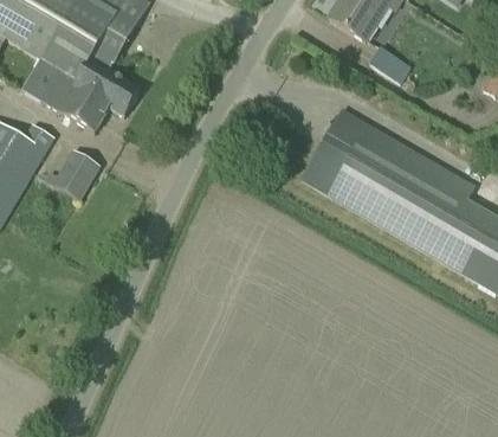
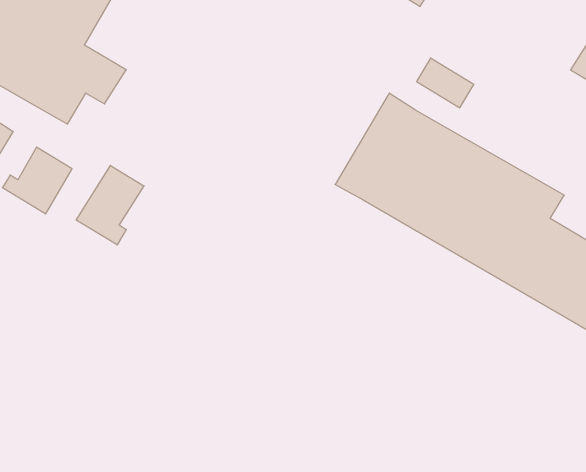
building: [369,45,413,83] -> [417,58,474,108]
building: none -> [76,165,144,245]

